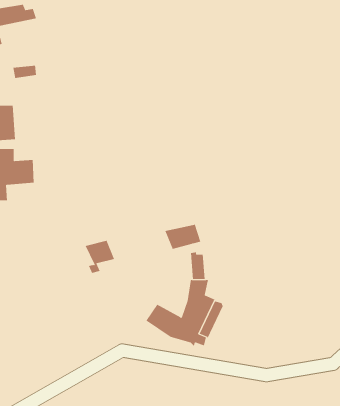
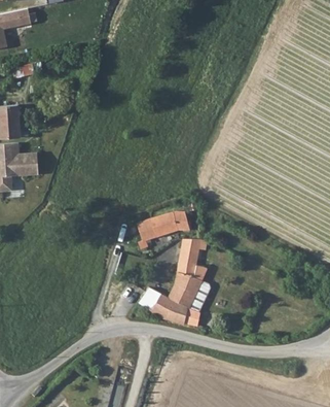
building: [85,240,115,274] -> [136,217,163,248]

